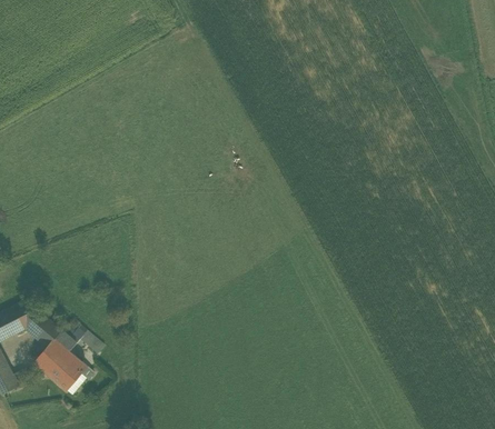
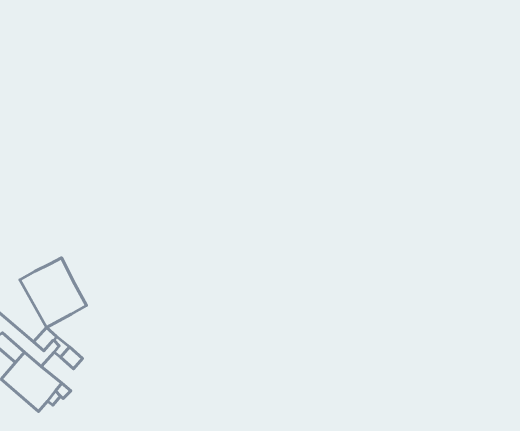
building: none -> [20,258,87,328]

